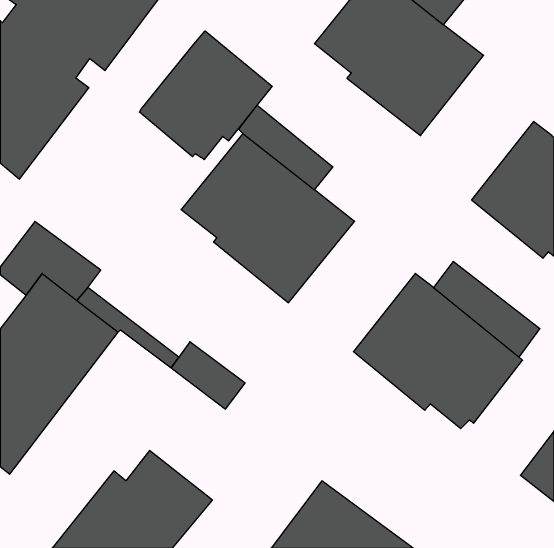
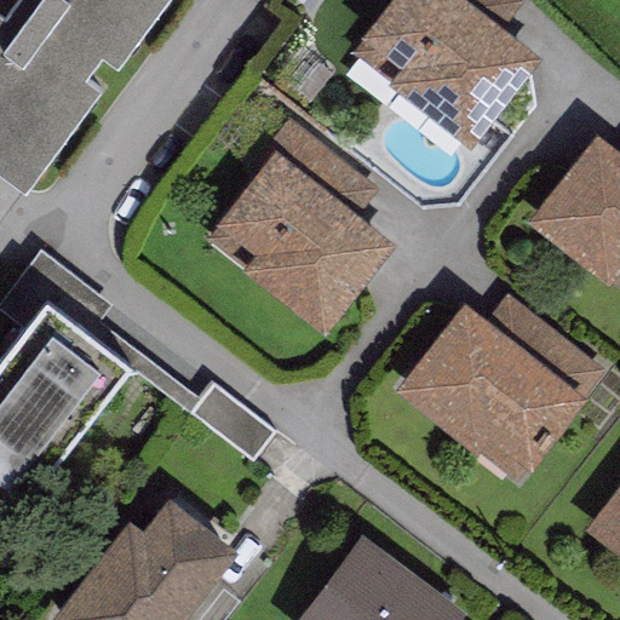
building: [139,31,272,160] -> none

